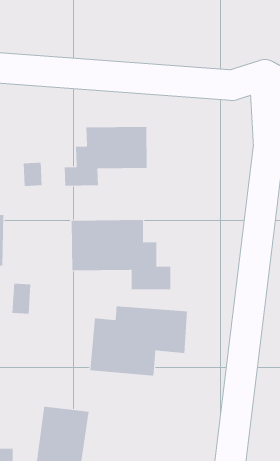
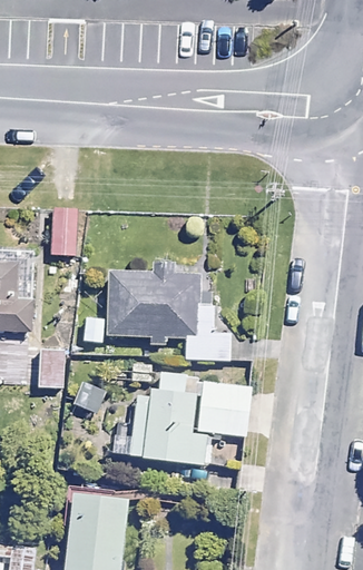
building: [64,126,147,187] -> none

